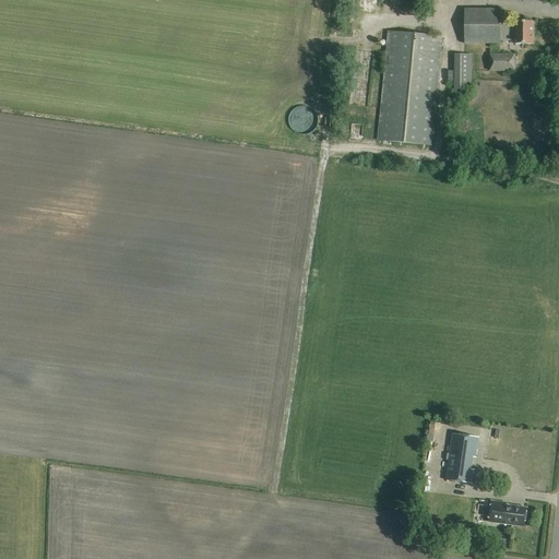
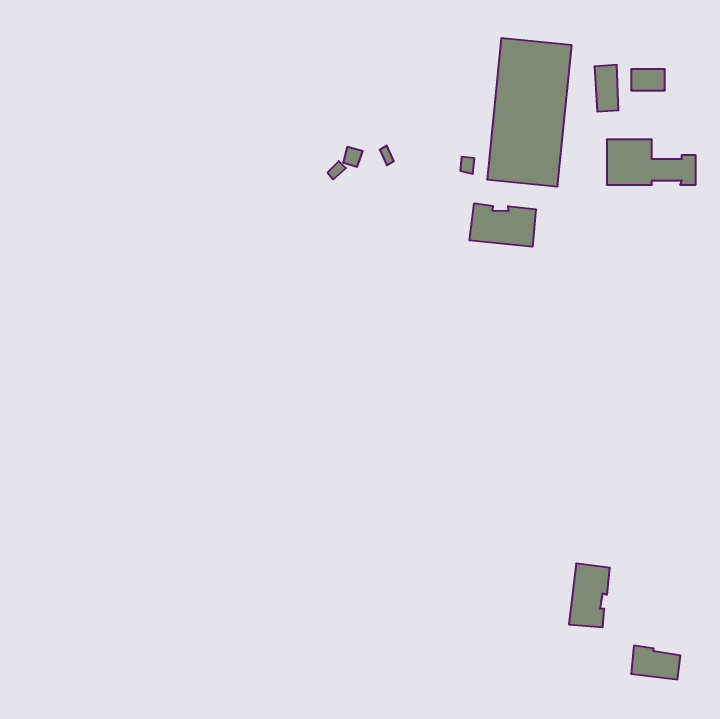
building: [464,8,533,43] -> [607,140,696,185]
building: none -> [469,203,536,247]

